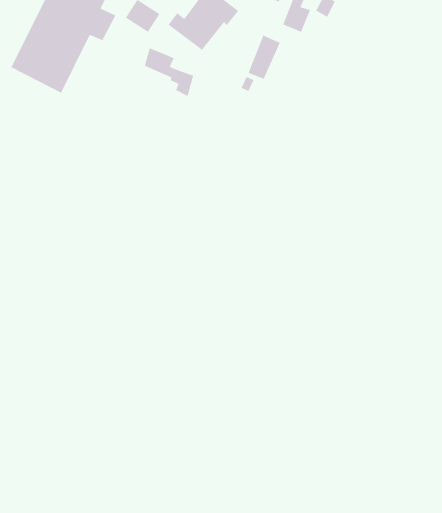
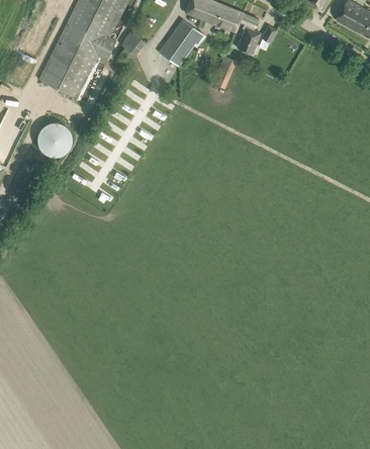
building: [144,47,194,97] -> none
building: none -> [37,121,72,156]

